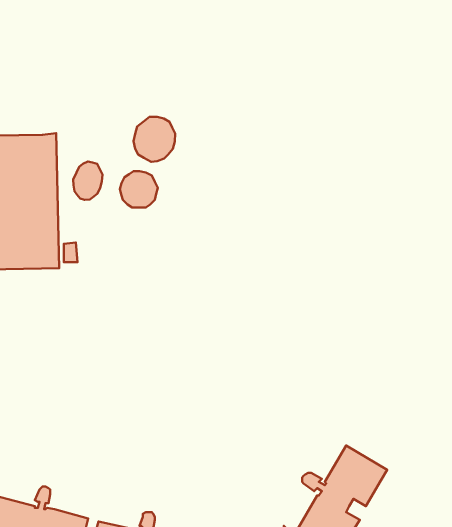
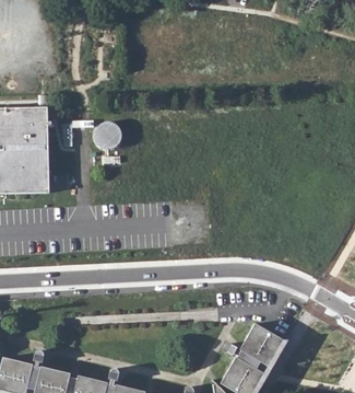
building: [133,117,175,162] -> none
building: [73,161,102,200] -> none

